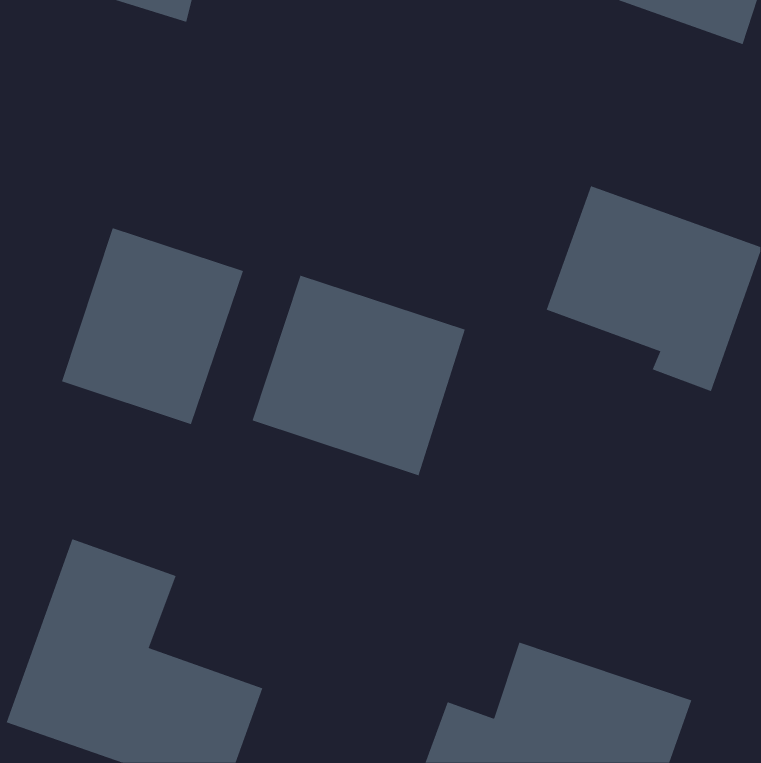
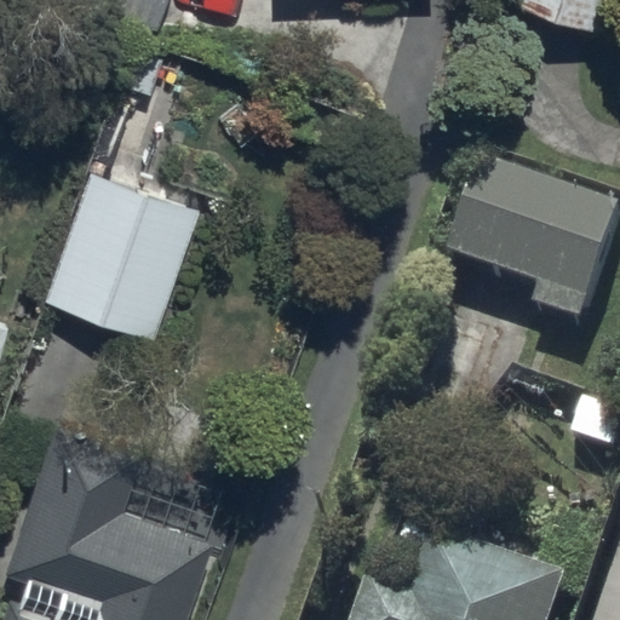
building: [252,275,465,476] -> none

